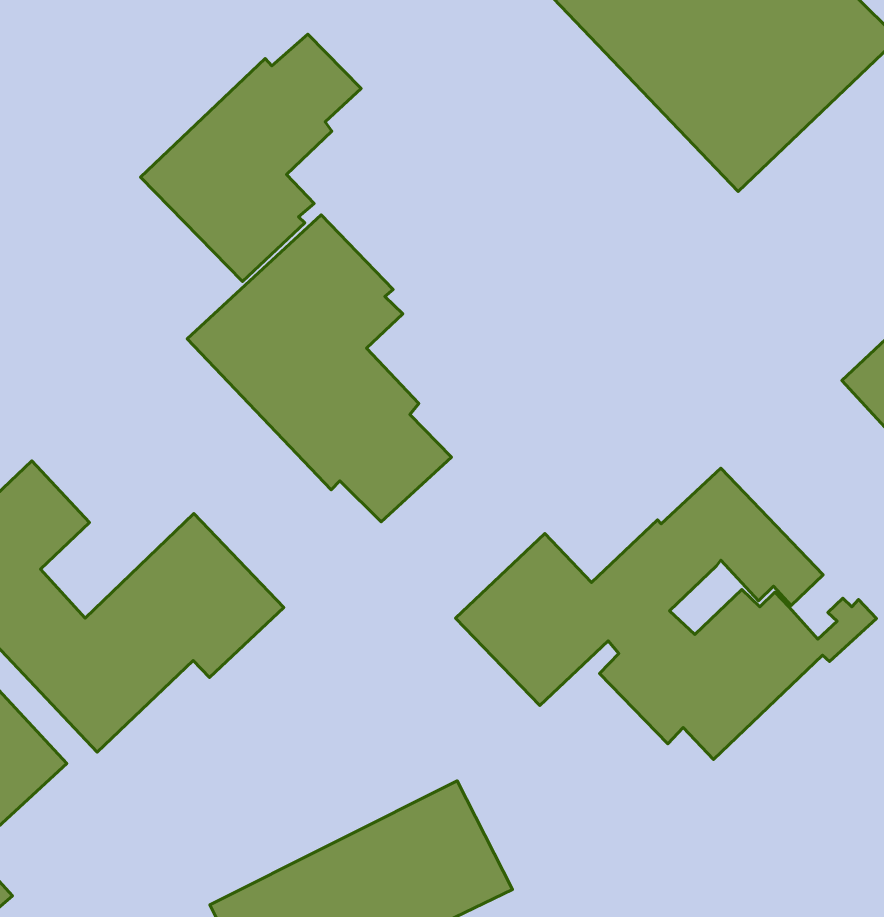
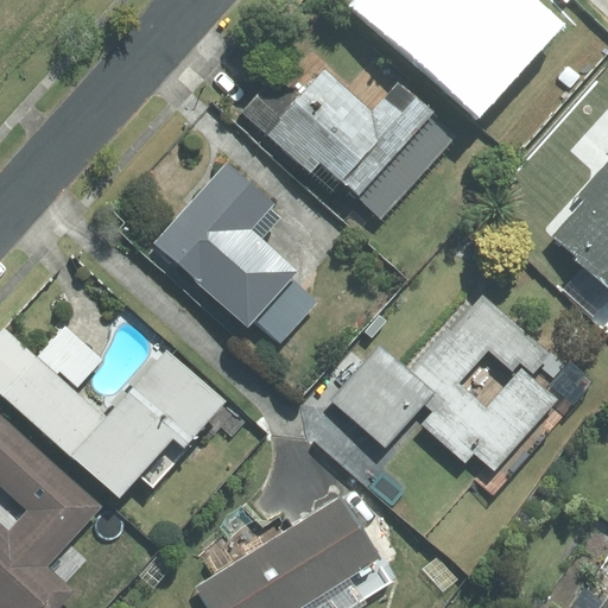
building: [140,34,361,281] -> none
building: none -> [238,66,455,218]

